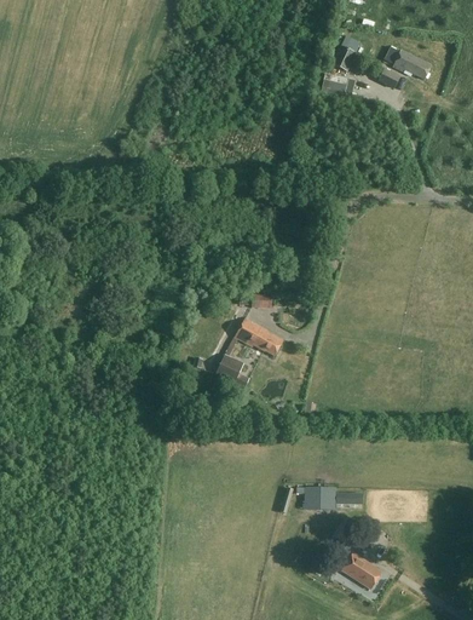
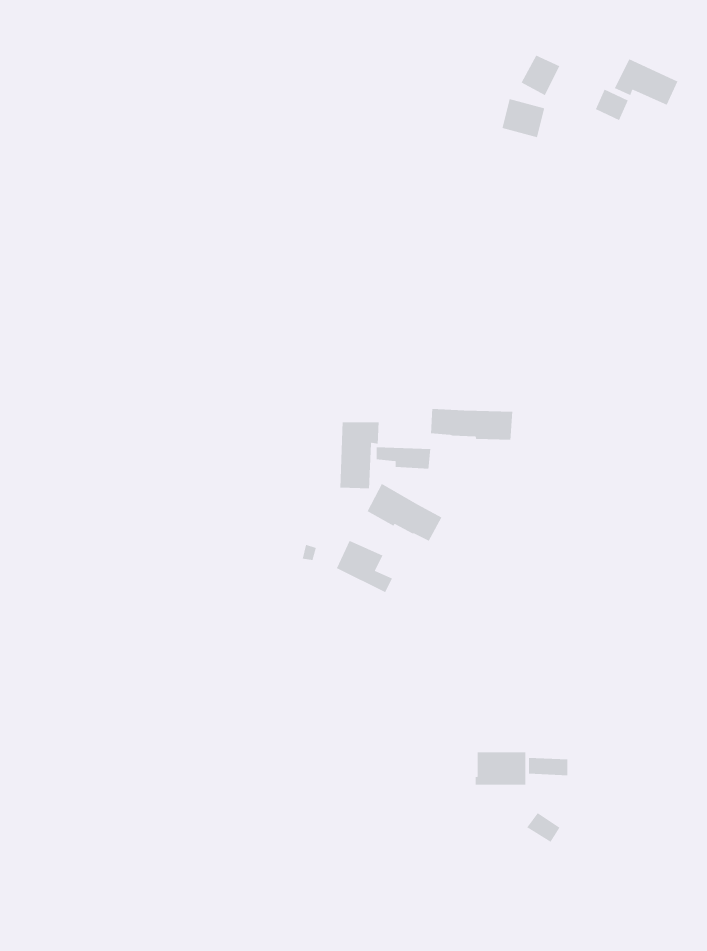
building: none -> [430,408,513,441]
building: none -> [340,421,380,489]
building: [341,550,382,589] -> none

